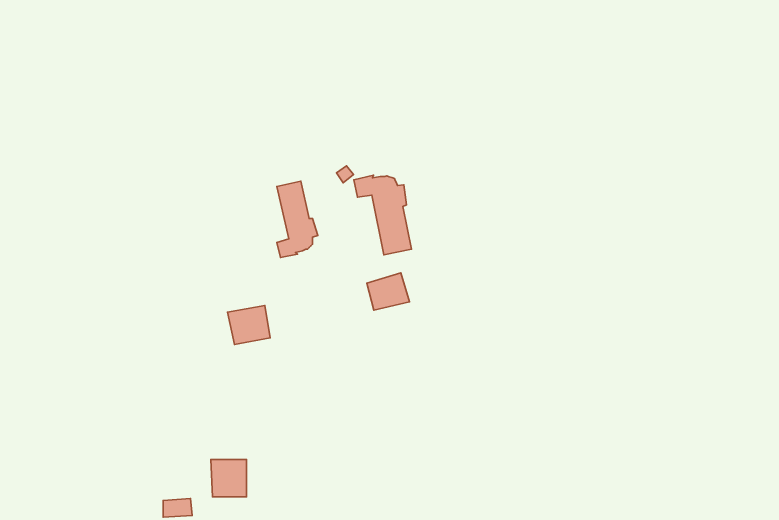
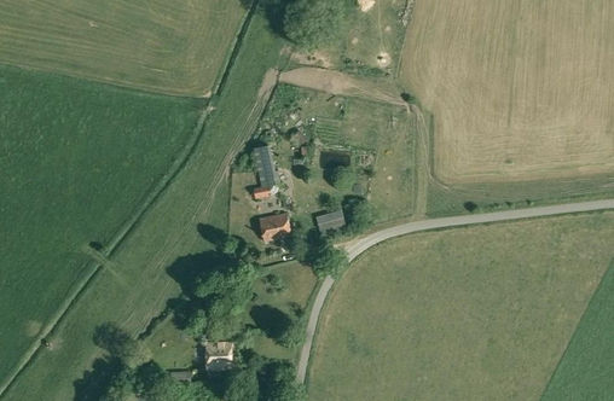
building: [354,175,411,255] -> none
building: [228,305,270,345] -> [259,213,289,240]

